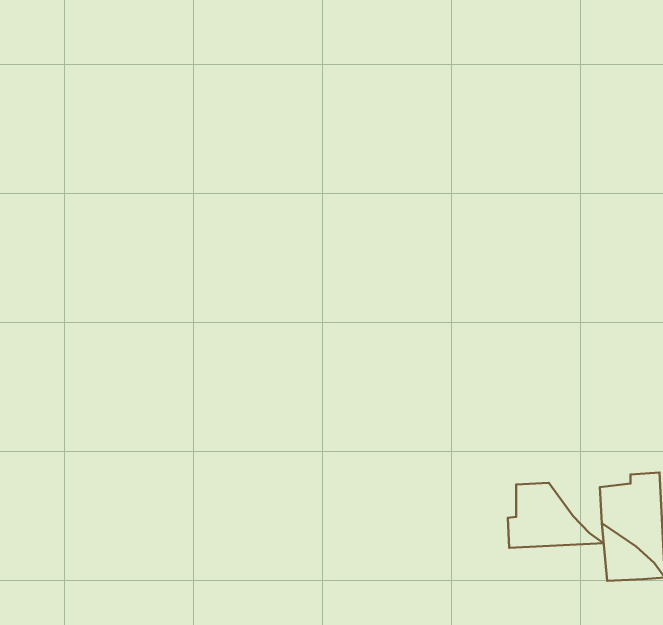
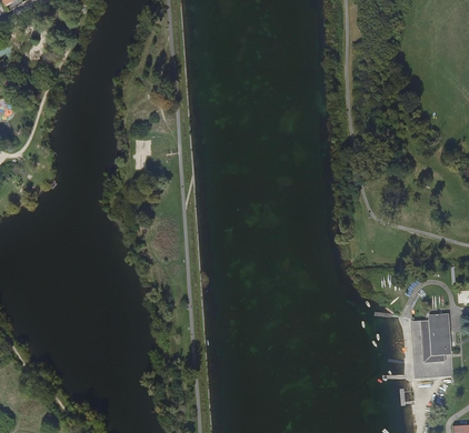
building: [508,483,604,548] -> none

